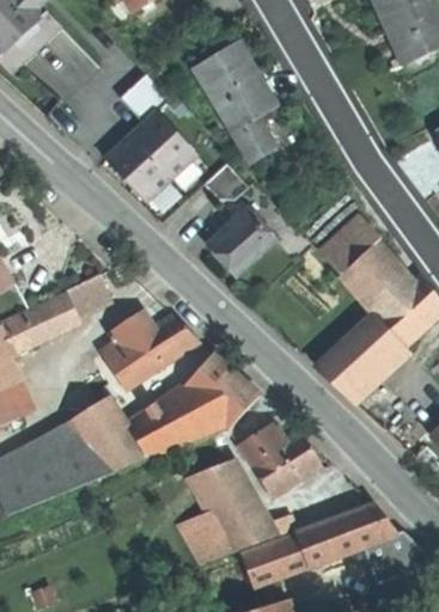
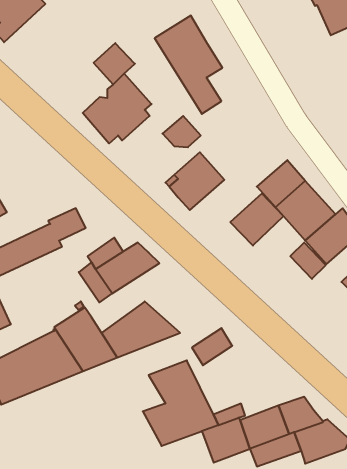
building: [319,333,384,397] -> [230,194,283,246]
building: [181,354,258,430] -> none
building: [251,434,321,496] -> none

